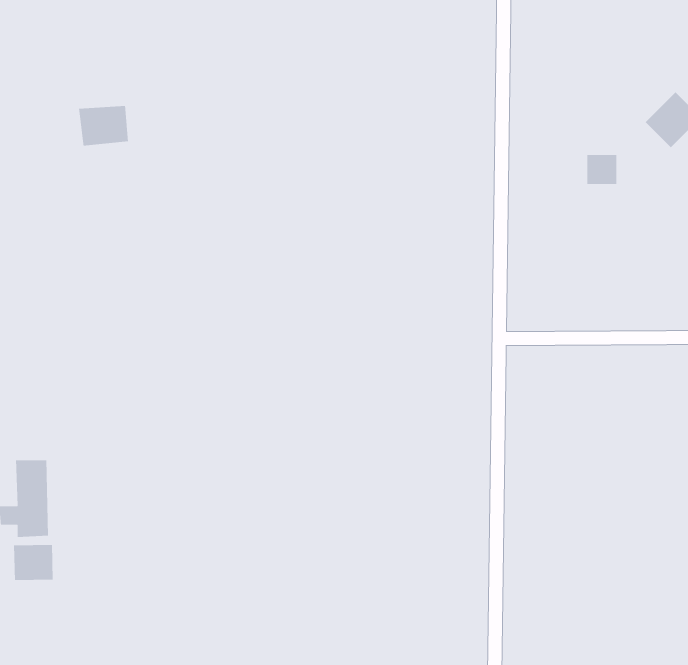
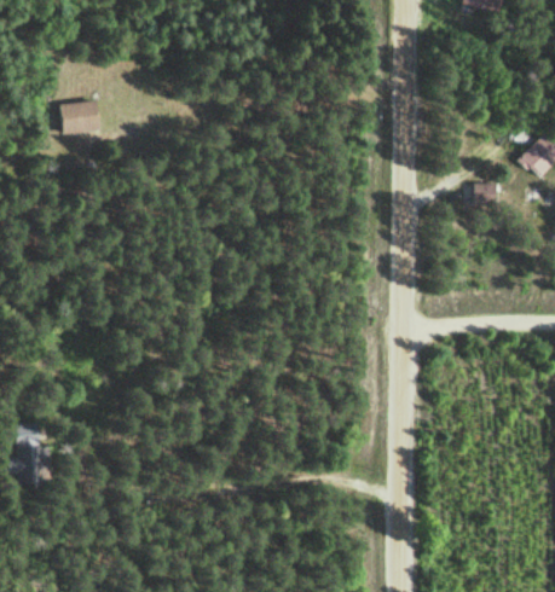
building: [78,105,129,146] -> [59,101,99,134]
building: [13,544,54,581] -> none

